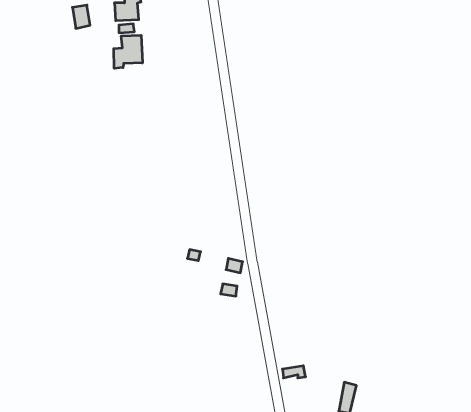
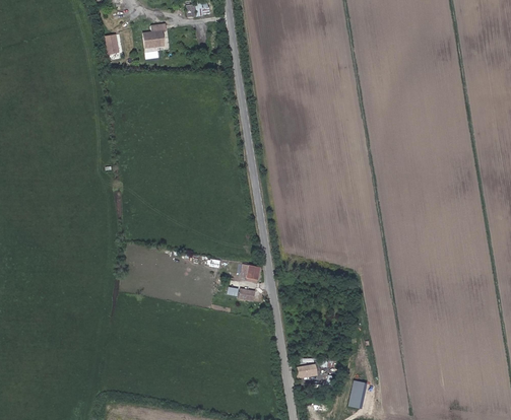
building: [114,35,142,68] -> none

